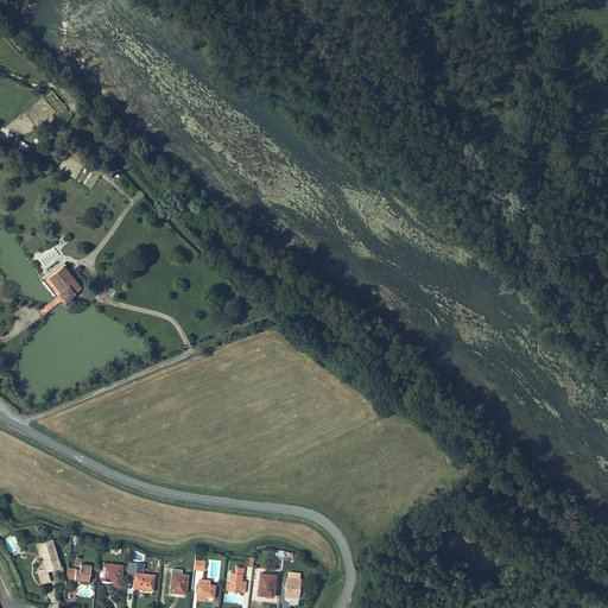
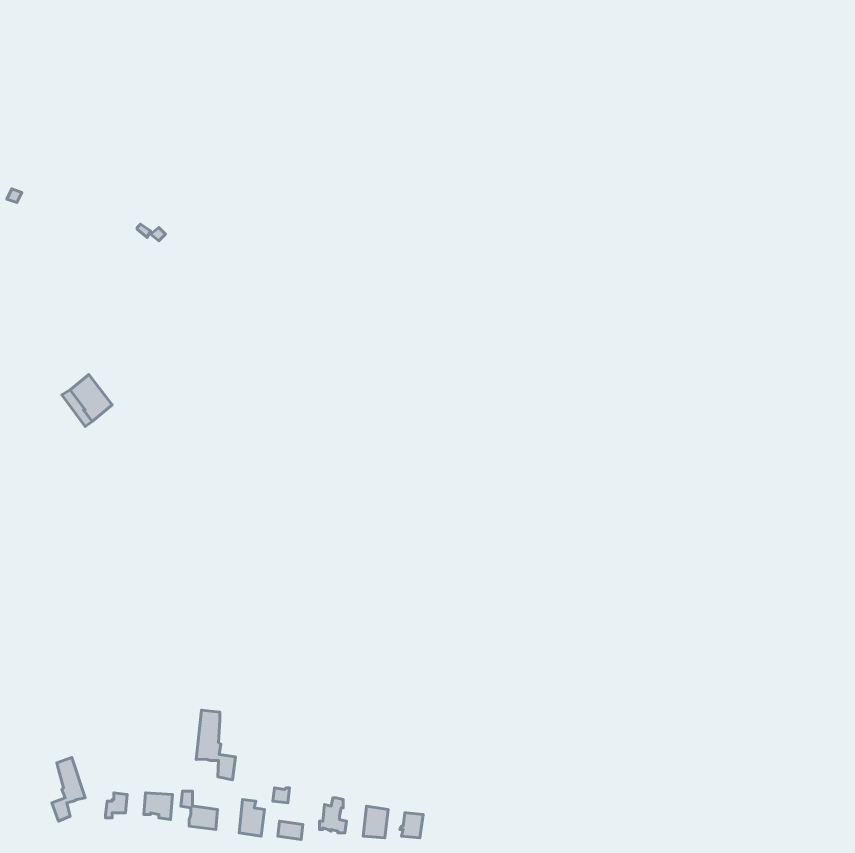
building: none -> [196,710,236,780]

